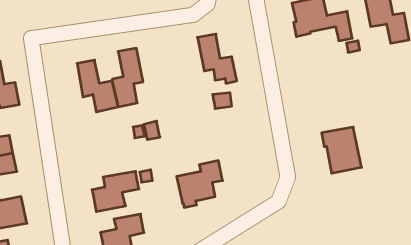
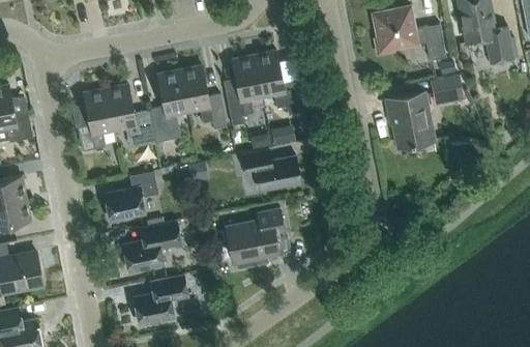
building: none -> [226,57,262,126]
building: none -> [178,66,225,131]
building: none -> [431,77,464,103]
building: none -> [76,89,112,152]
building: none -> [241,149,299,192]
building: [322,127,362,173] -> [385,94,435,151]
building: none -> [104,174,157,221]

